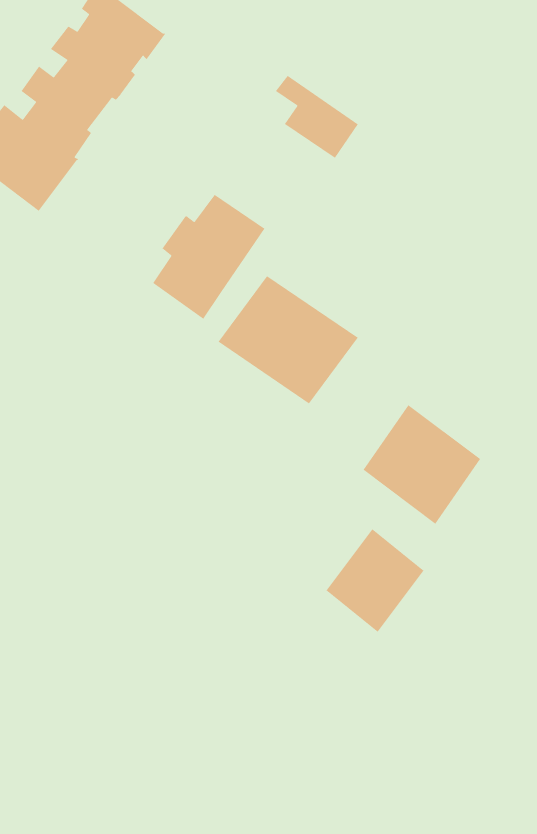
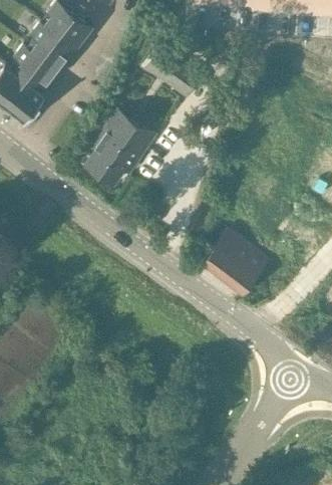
building: [217,275,359,404] -> none
building: [326,528,425,633] -> none

